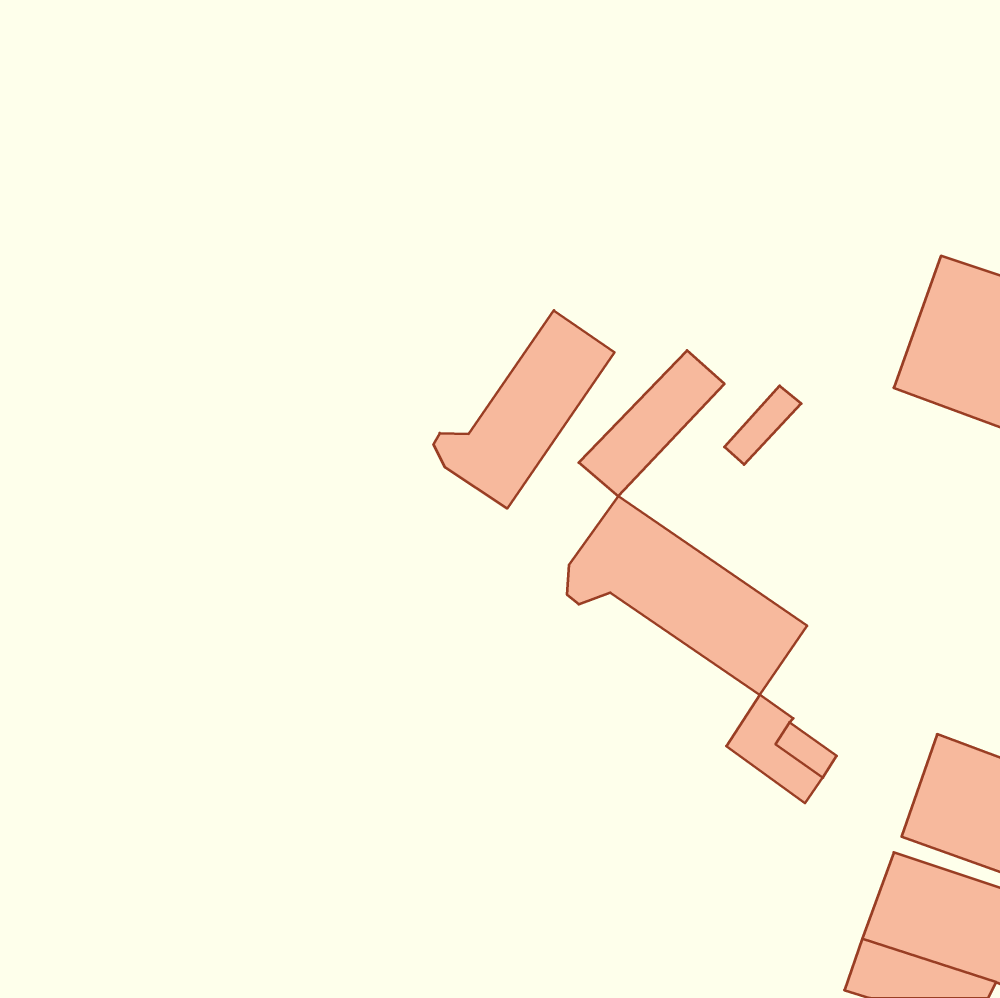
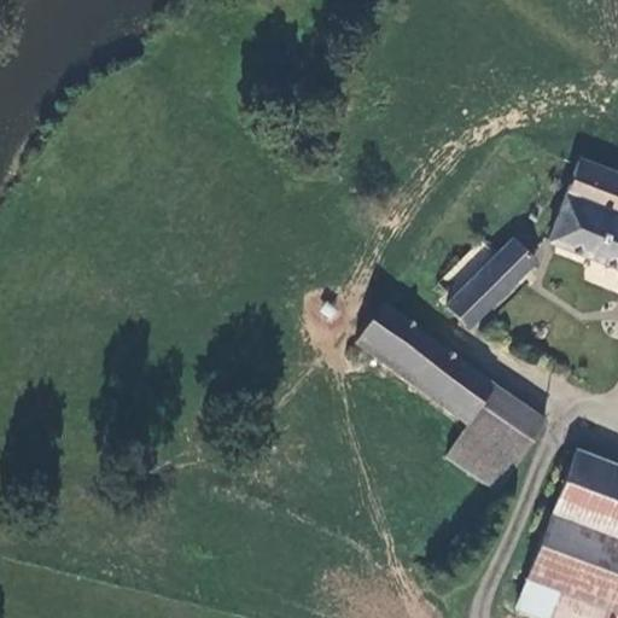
building: [434,310,614,508] -> none
building: [579,350,724,496] -> [448,235,537,325]
building: none -> [470,384,549,461]

